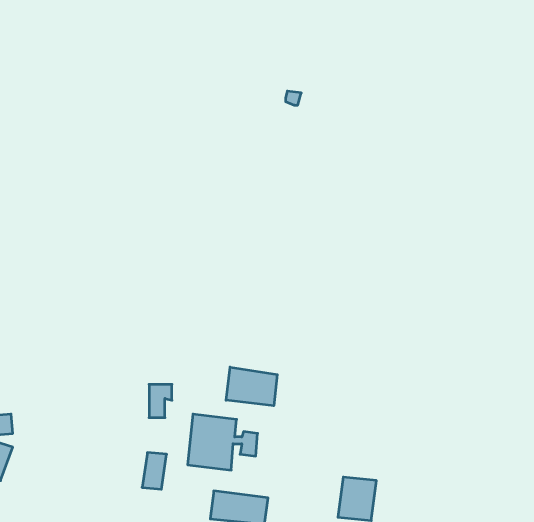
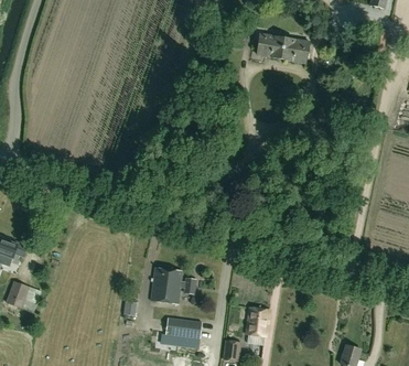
building: none -> [257,34,309,64]
building: [226,367,277,406] -> none

